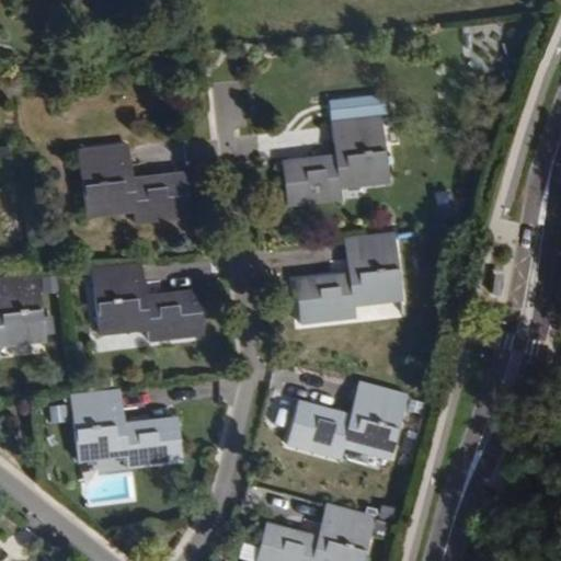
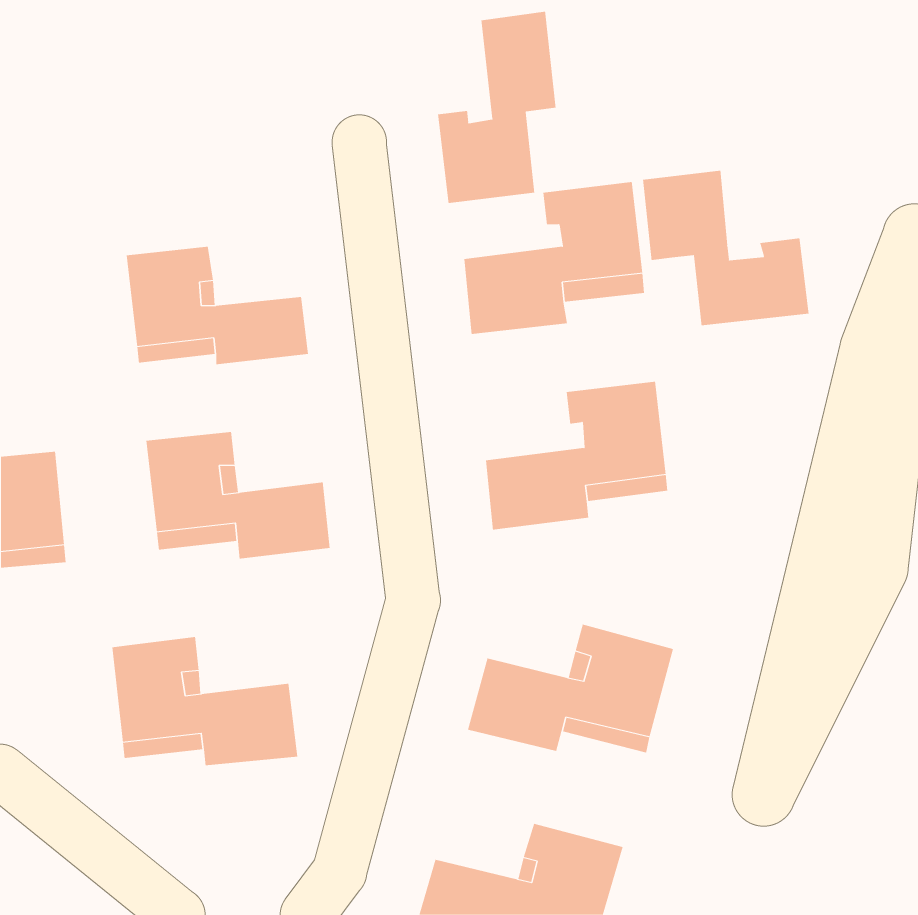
building: none -> [438,11,556,204]
building: none -> [643,170,809,326]

